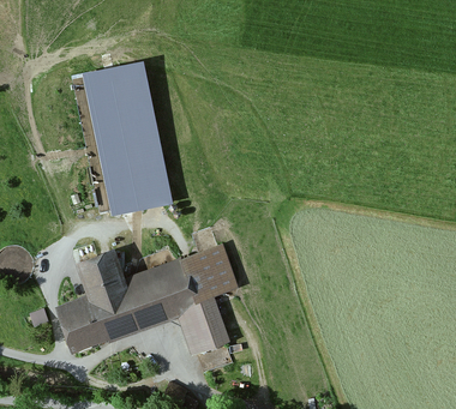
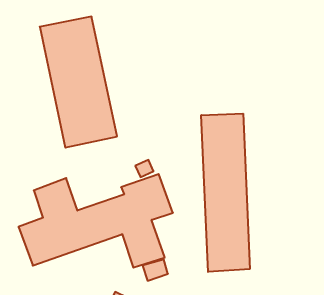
building: none -> [201,114,250,272]

